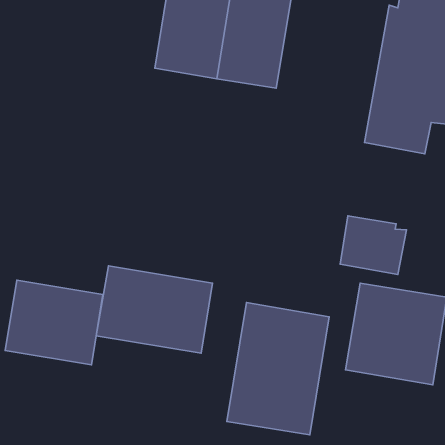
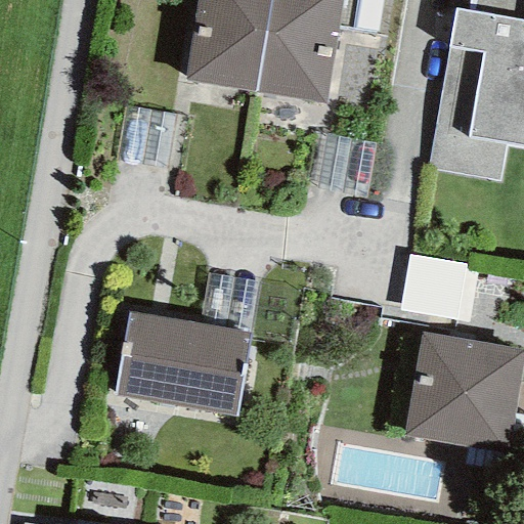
building: [5,280,103,365] -> none
building: [227,303,329,435] -> none

